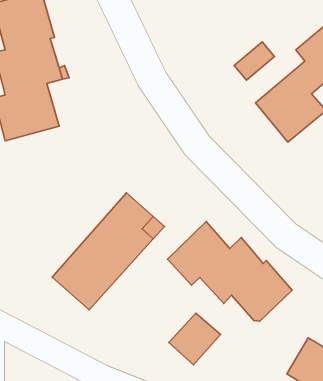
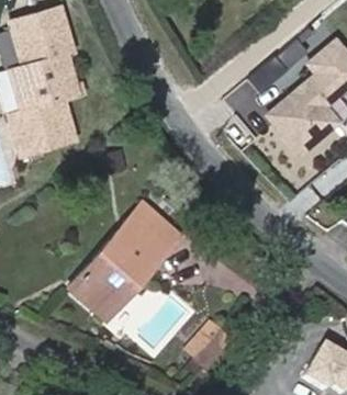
building: [168,222,292,321] -> none

